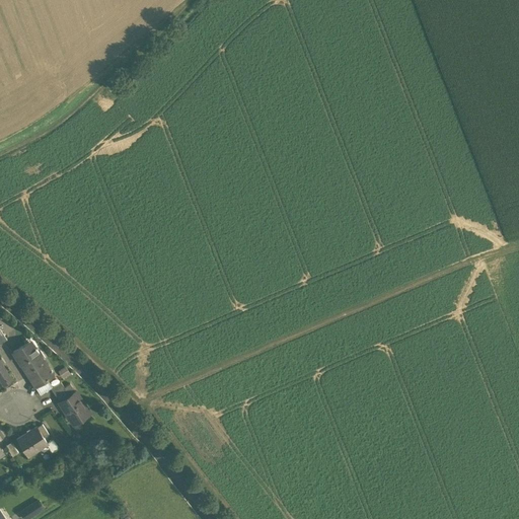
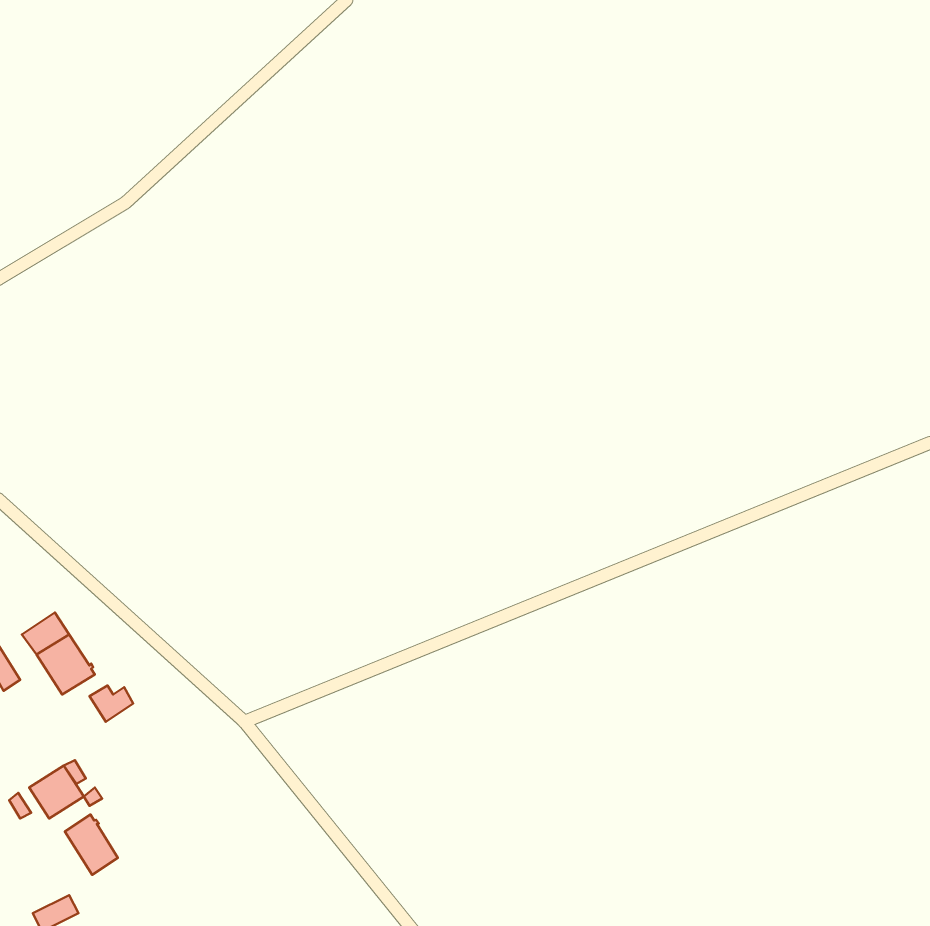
building: [58,393,89,425] -> none
building: none -> [65,814,118,875]

